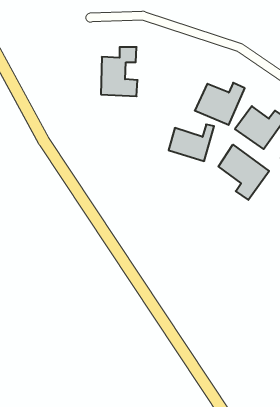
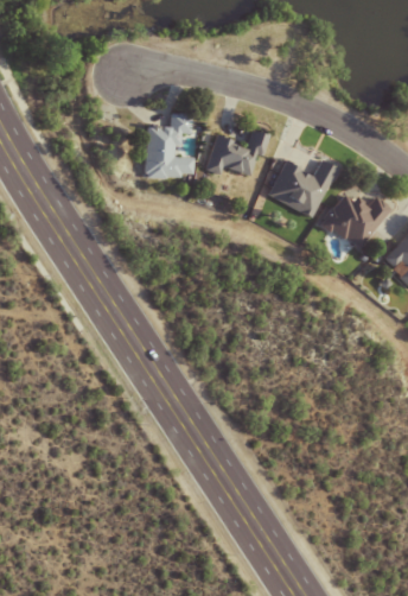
building: [169,124,214,161] -> [204,131,264,179]
building: [218,145,269,200] -> none

